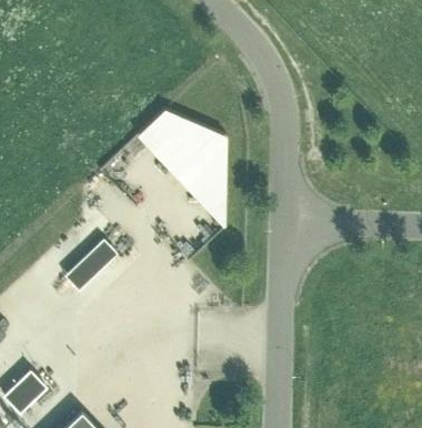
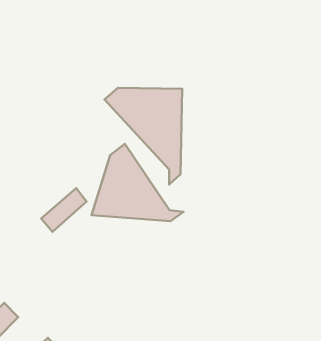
building: none -> [92,144,184,221]

